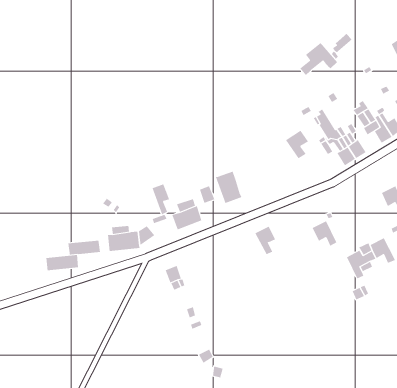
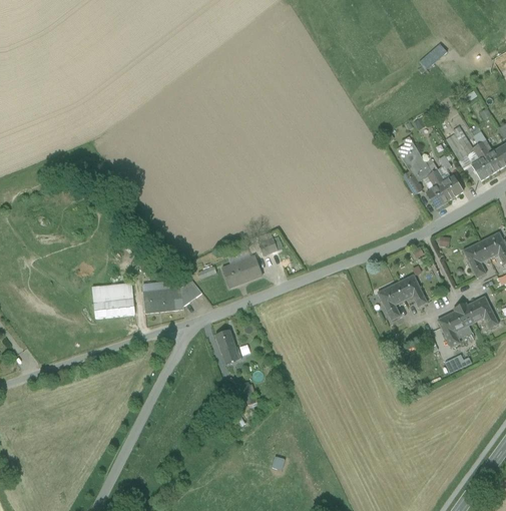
building: [299,42,338,76] -> none
building: [285,130,309,159] -> none
building: [215,171,242,204] -> none
building: [152,184,170,215] -> none
building: none -> [463,240,489,278]
building: [255,226,276,255] -> [378,284,404,320]
building: [45,255,79,271] -> [92,283,133,303]

